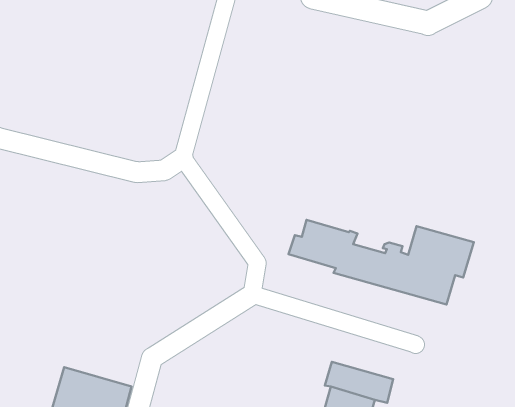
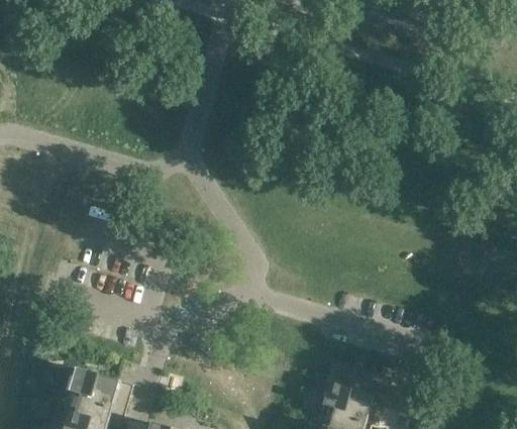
building: [288,220,474,305] -> none

